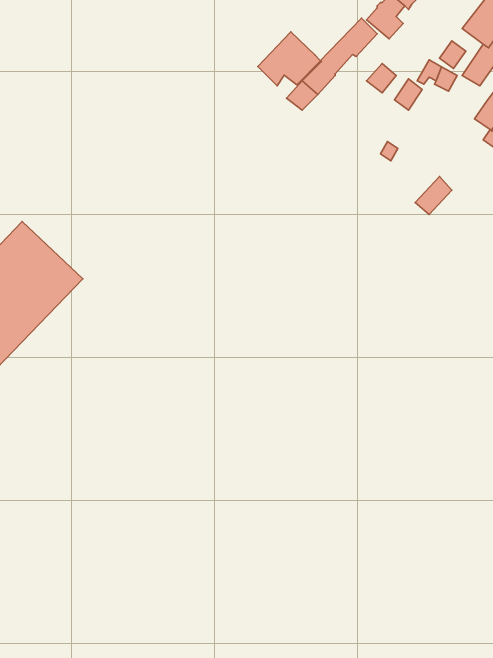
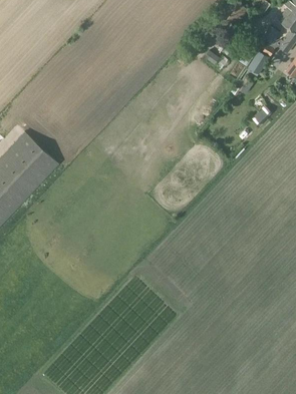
building: [258,32,320,86] -> none

